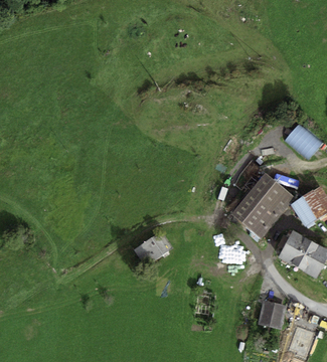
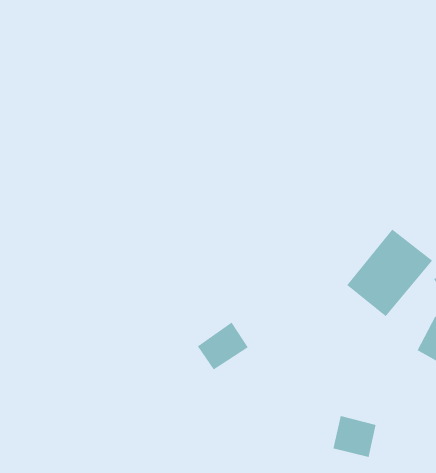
building: [259,302,288,330] -> [332,415,377,458]

